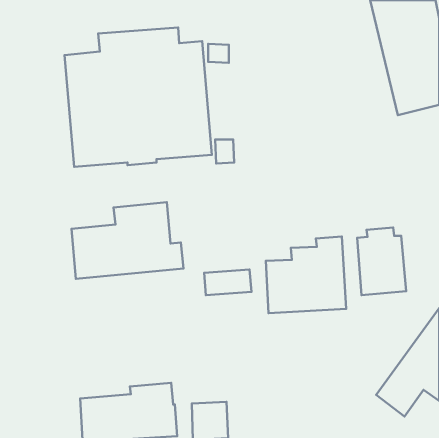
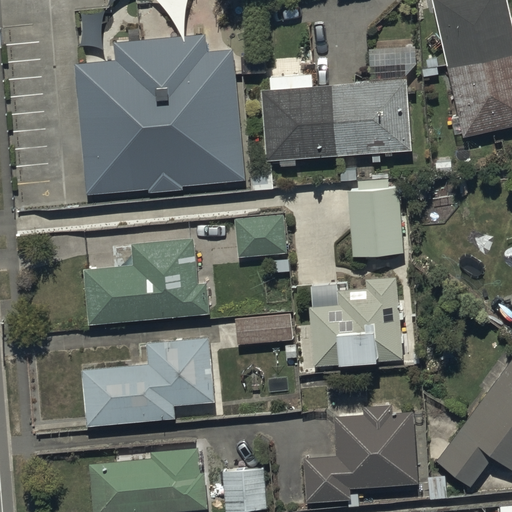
building: none -> [263,48,417,159]
building: none -> [234,214,289,257]
building: [357,227,406,295] -> [347,180,404,259]
building: none -> [81,339,214,425]
building: none -> [304,405,419,504]

